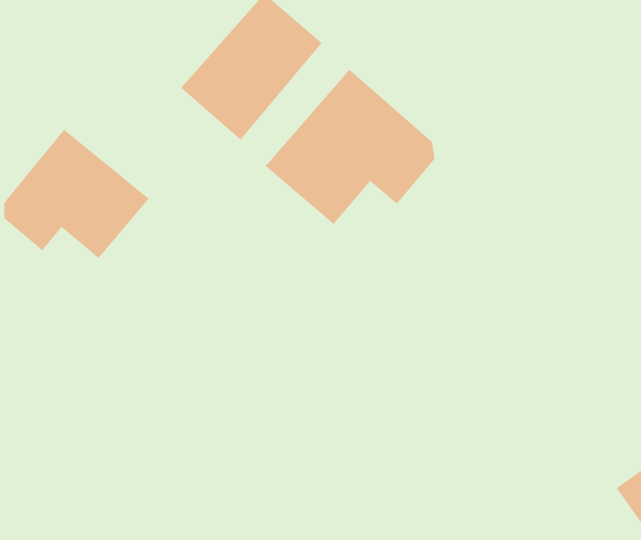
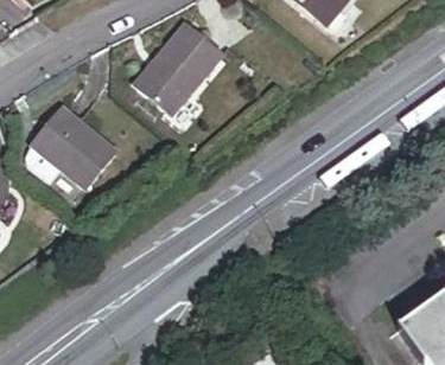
building: [265,69,435,225] -> none

